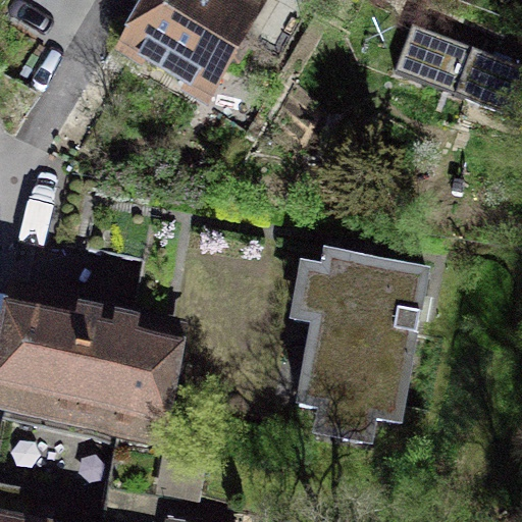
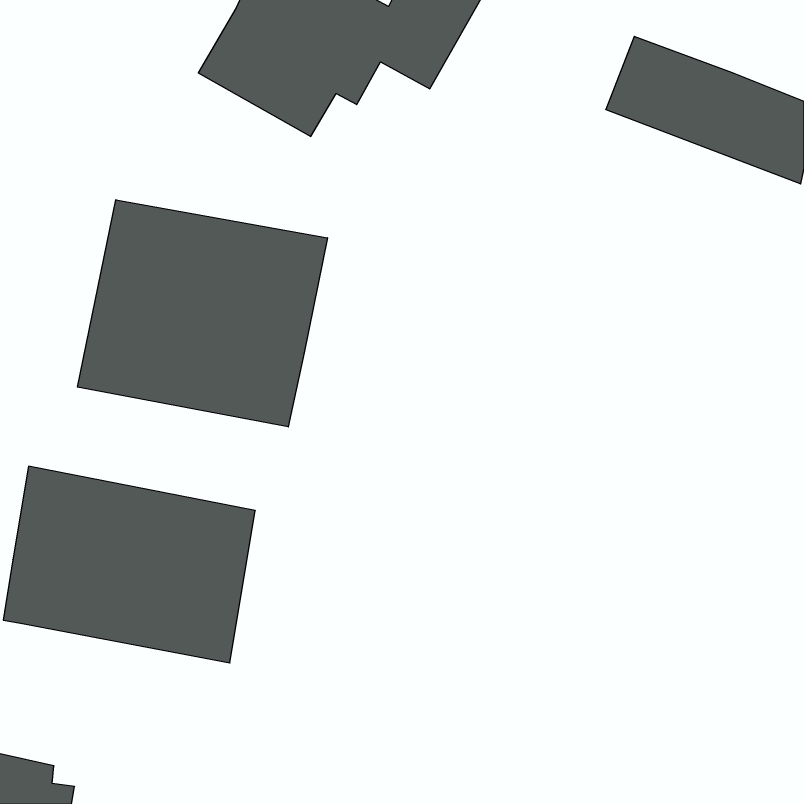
building: none -> [77,200,327,427]
building: [295,252,424,420] -> none

